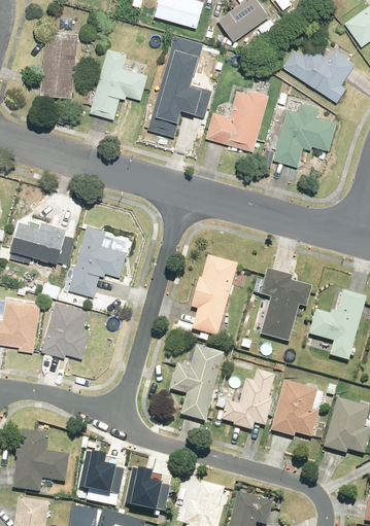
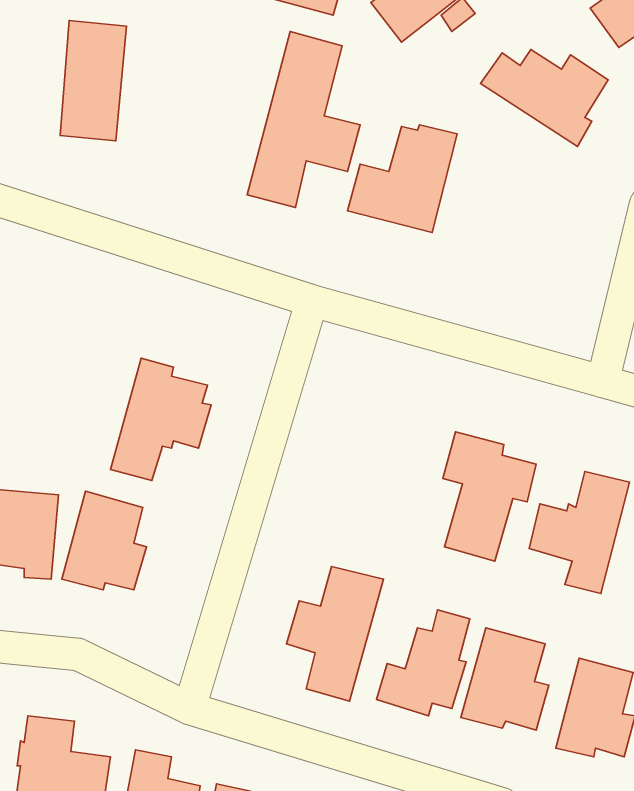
building: [89,48,146,120] -> none
building: [273,99,335,167] -> none
building: [10,219,75,264] -> none
building: [190,254,237,336] -> none

